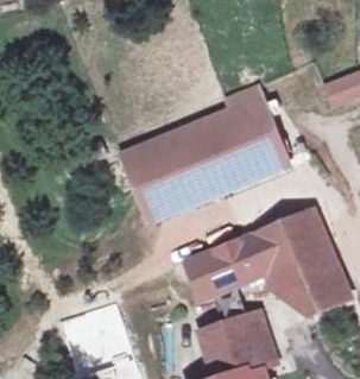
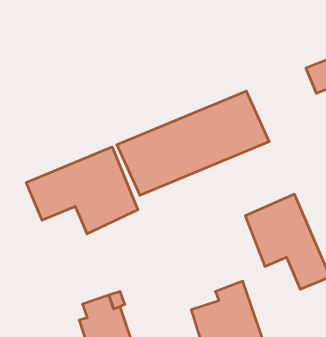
building: none -> [26,147,138,234]
building: [182,234,271,301] -> none

